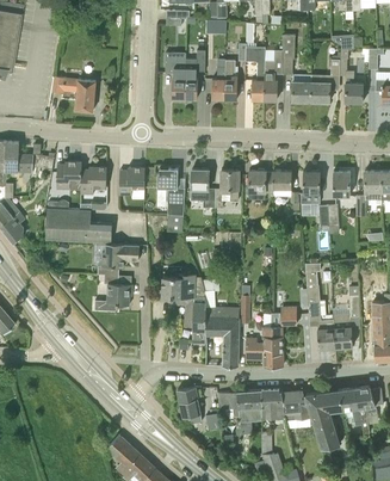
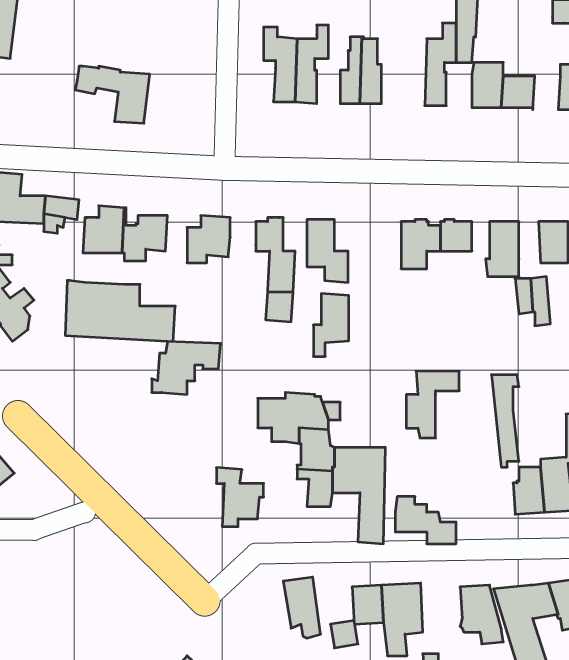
building: [246,47,266,100] -> none
building: [217,169,239,208] -> [313,294,349,356]
building: [104,275,132,310] -> [216,468,264,527]
building: [265,313,297,353] -> [406,371,459,438]
building: [261,389,286,420] -> none

